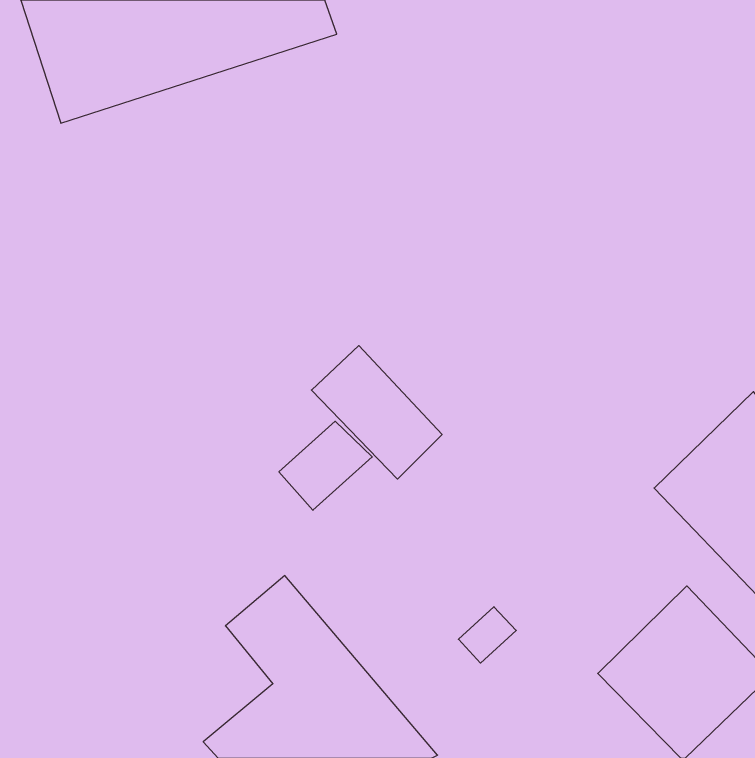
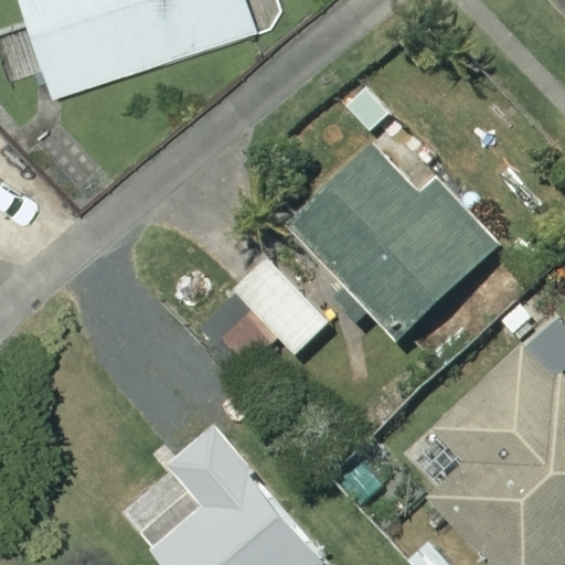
building: none -> [286,143,501,344]

